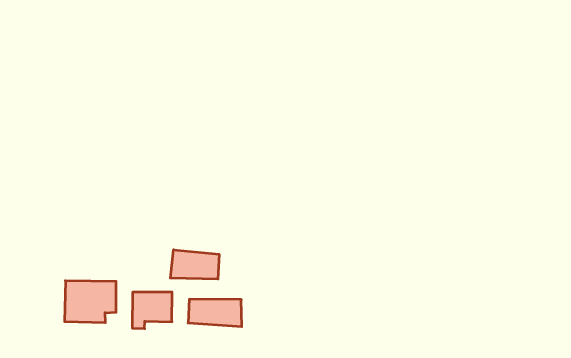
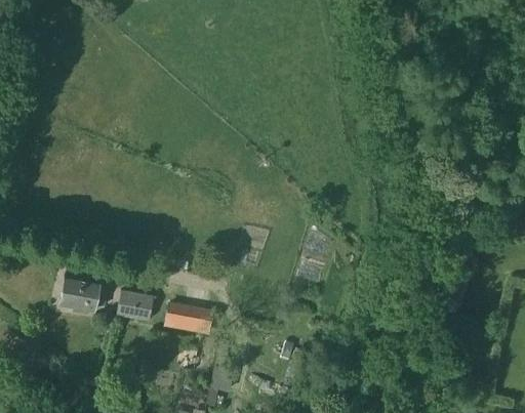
building: [170,250,219,279] -> none

